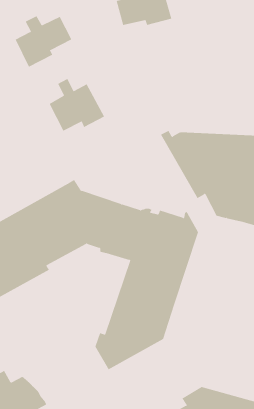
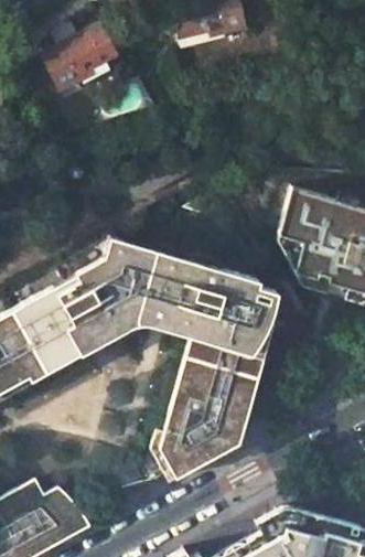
building: [49,78,105,132] -> none

